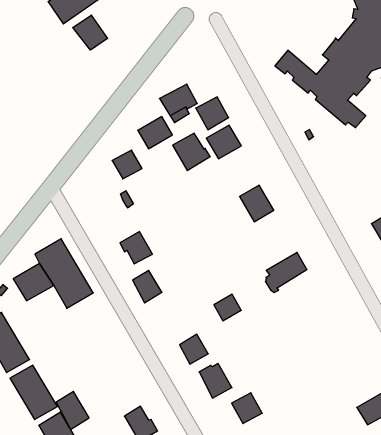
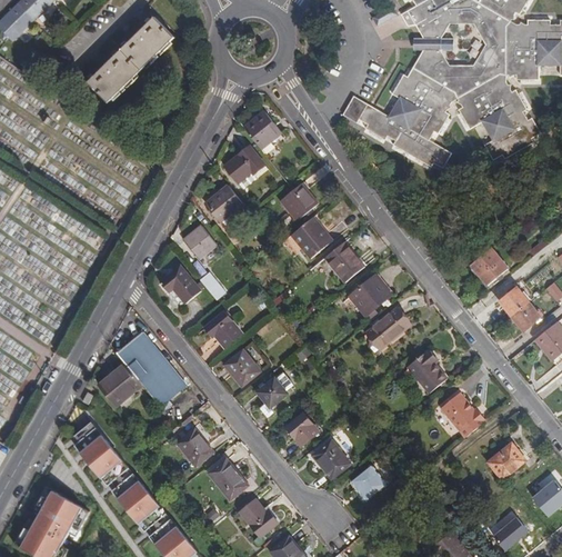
building: [73,15,108,50] -> none
building: [196,97,229,130] -> [243,111,280,148]
building: [173,133,210,171] -> [291,218,333,259]
building: none -> [161,266,203,304]
building: none -> [351,275,391,315]
building: [214,294,241,321] -> [258,378,288,408]
building: none -> [408,349,446,392]
building: none -> [177,430,212,467]
building: none -> [441,392,485,437]
building: [56,391,89,429] -> [209,459,247,500]

